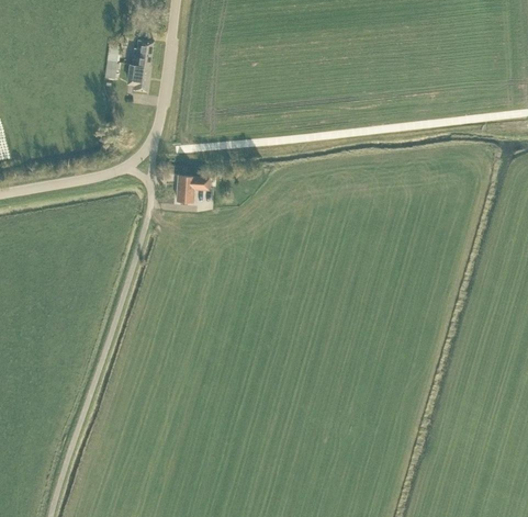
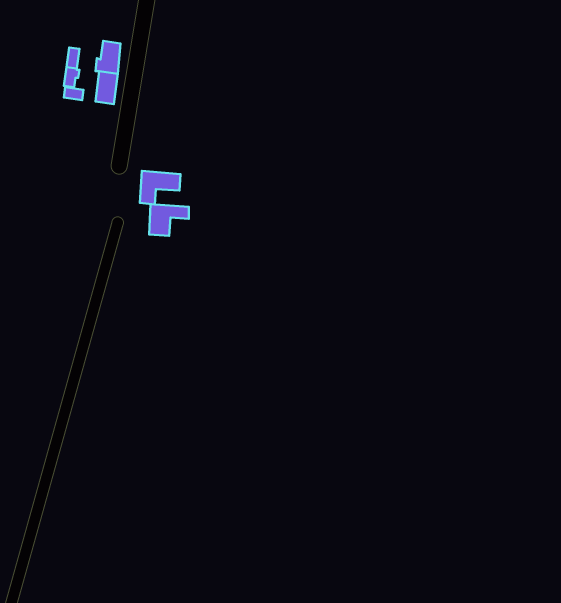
building: none -> [140,171,180,205]

